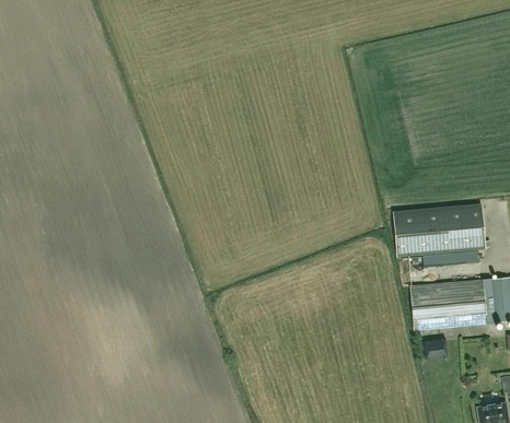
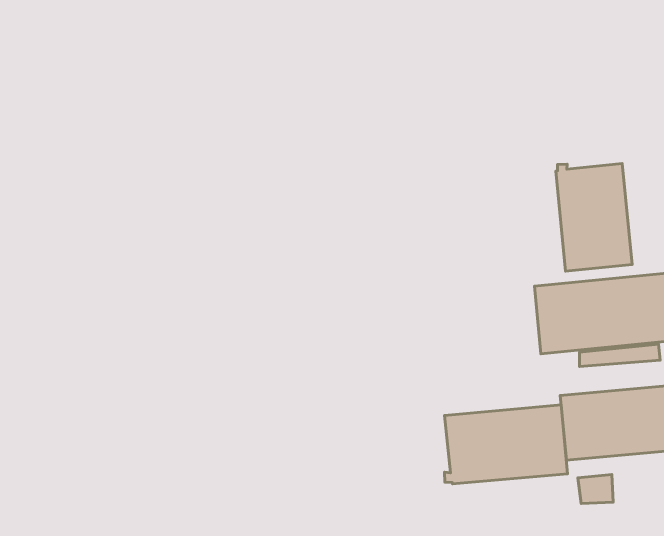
building: none -> [556,163,632,271]
building: none -> [445,405,567,484]

